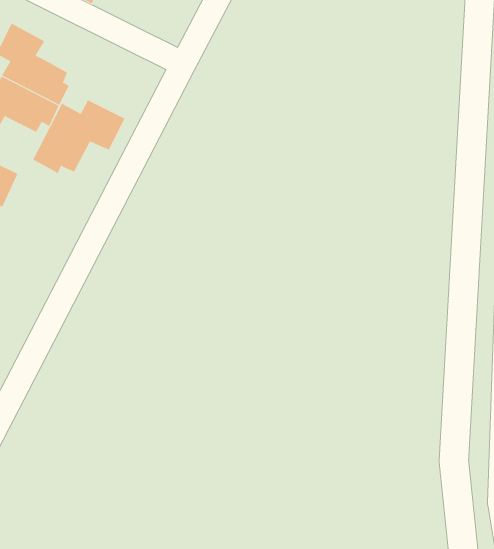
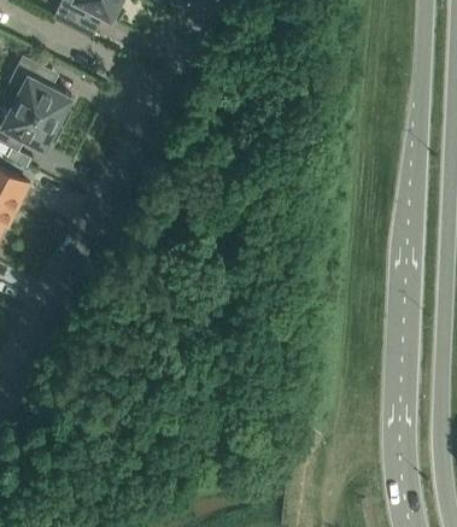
building: [32,99,125,174] -> none

